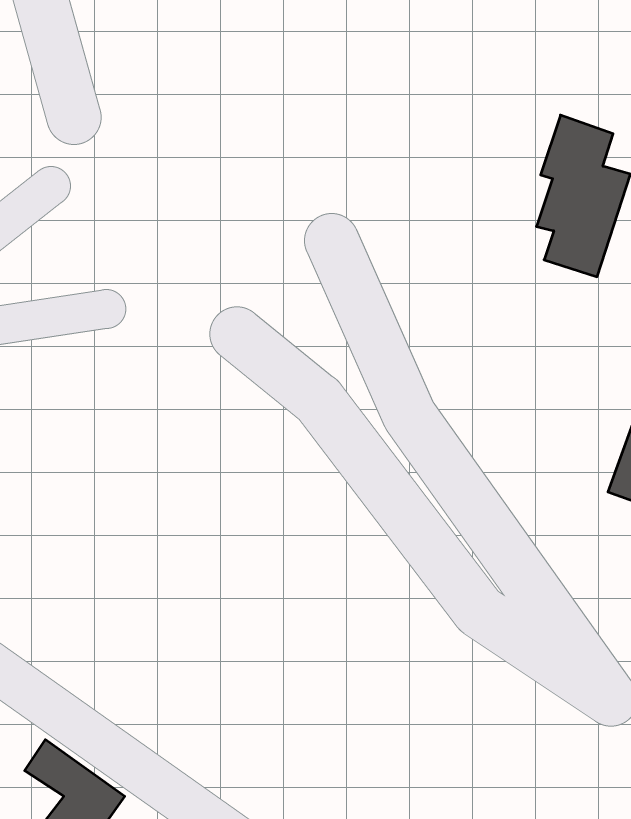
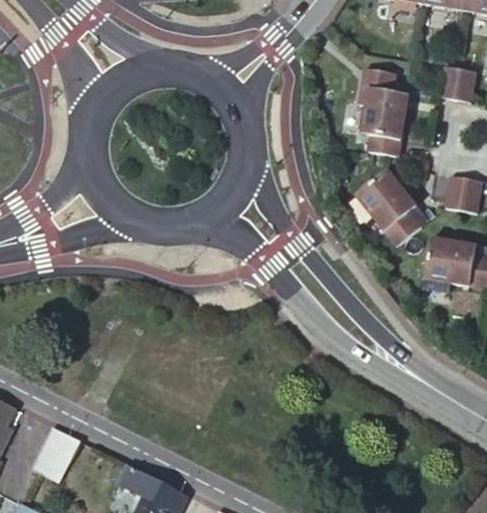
building: none -> [357,169,422,247]

